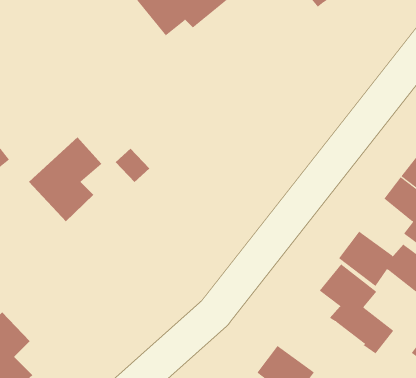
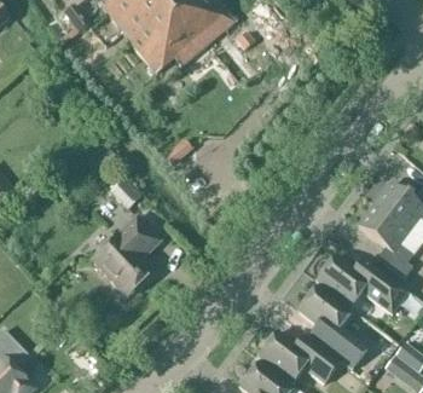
building: [28,136,102,222] -> [92,215,161,295]
building: none -> [259,330,341,382]

